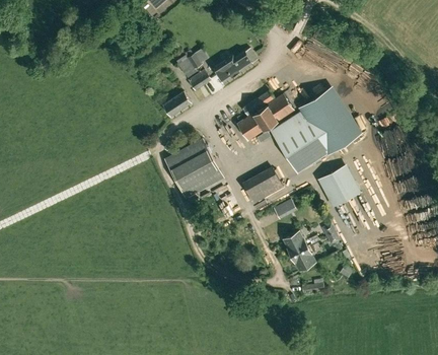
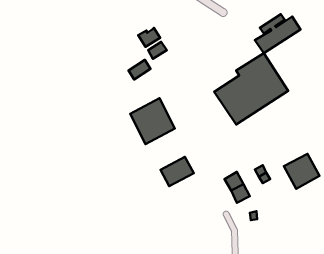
building: [214,49,257,82] -> none
building: [236,91,293,140] -> [255,14,300,53]
building: [316,164,361,208] -> [284,154,320,189]
building: [241,167,283,204] -> [160,157,194,186]

